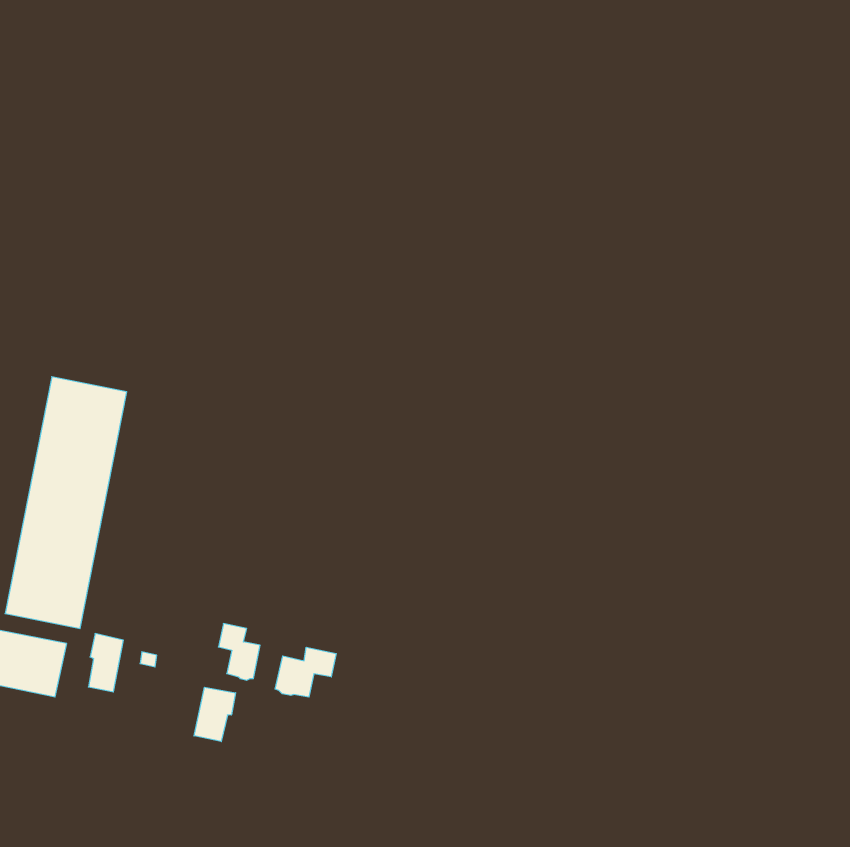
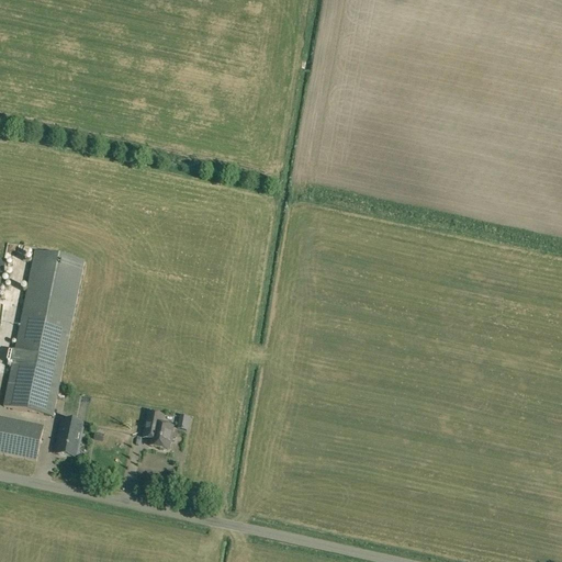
building: [275,647,336,697] -> none
building: [194,687,236,742] -> none

